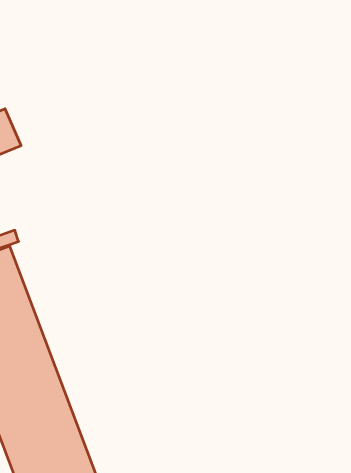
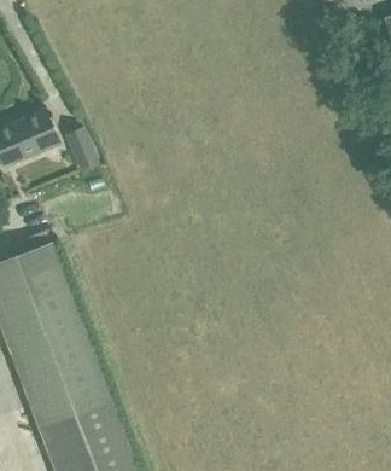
building: none -> [65,128,98,170]

